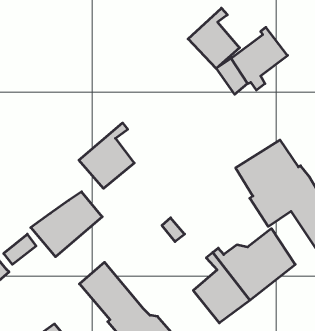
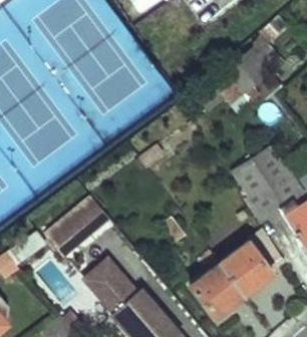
building: [188,8,240,68] -> none
building: [79,123,134,188] -> none

